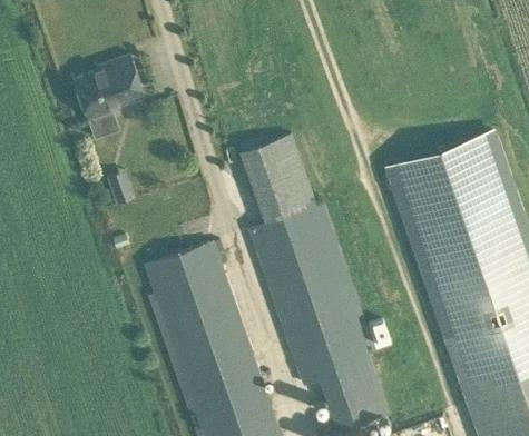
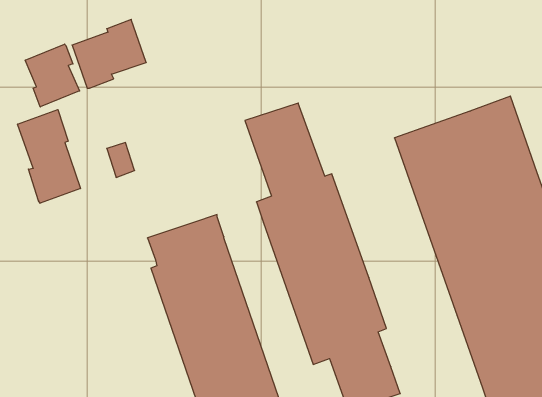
building: none -> [25,44,80,107]
building: none -> [18,110,80,203]

